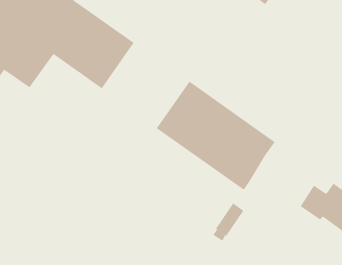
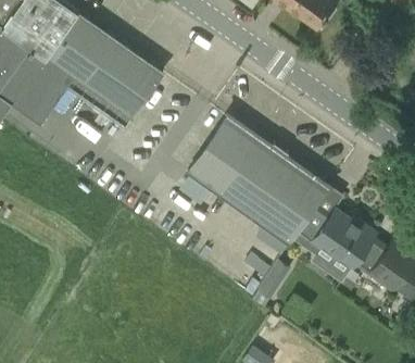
building: none -> [299,205,376,267]

